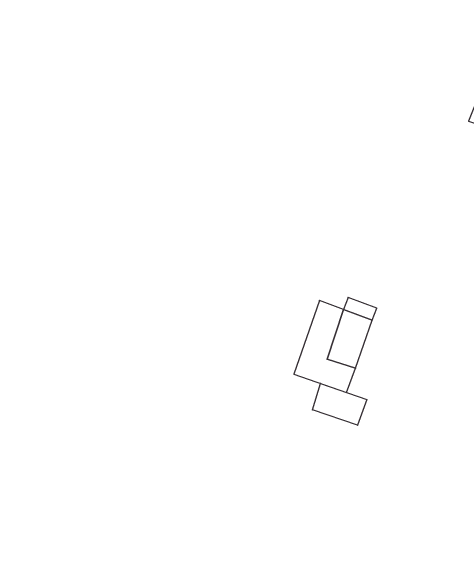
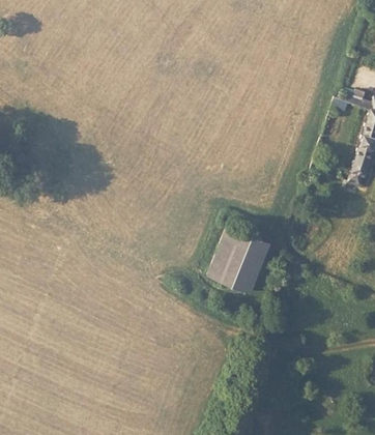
building: [312,383,367,425] -> none

